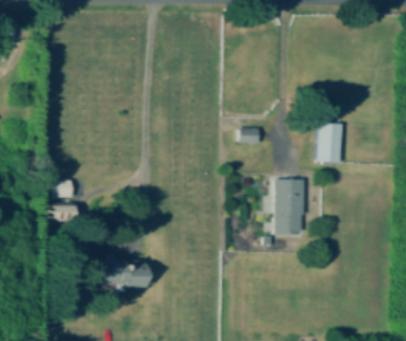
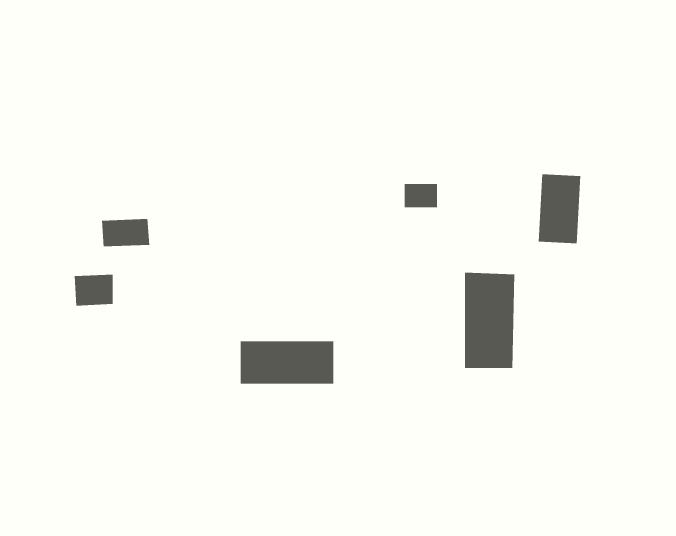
building: [48,205,76,221] -> [101,219,150,247]
building: [94,261,148,286] -> [240,341,334,384]

